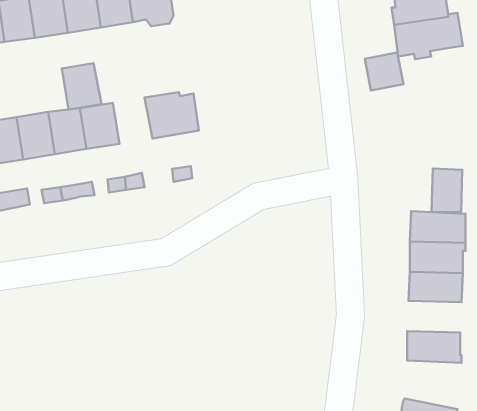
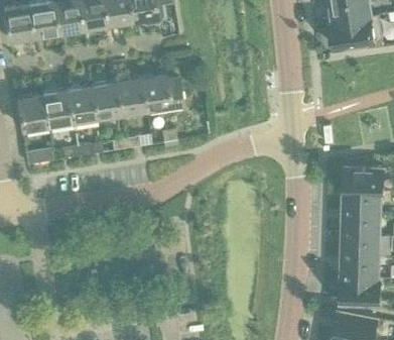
building: [365,53,403,90] -> none
building: [62,63,101,109] -> [115,79,145,114]
building: [432,168,462,212] -> none
building: none -> [340,234,381,258]
building: none -> [339,279,381,304]

